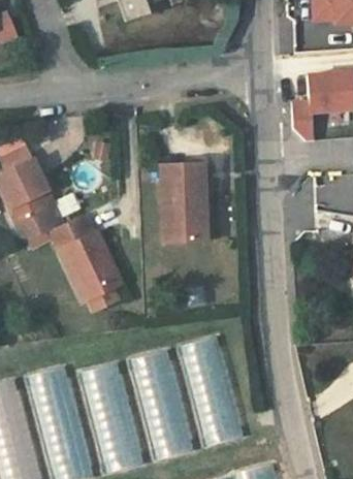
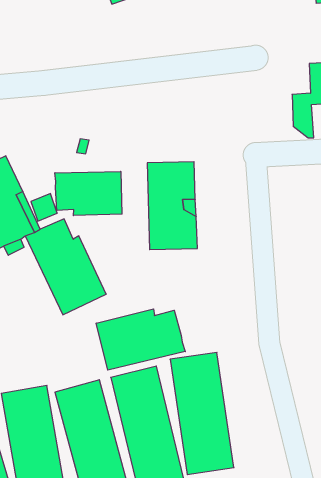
building: none -> [55,171,122,216]
building: none -> [96,309,185,370]

